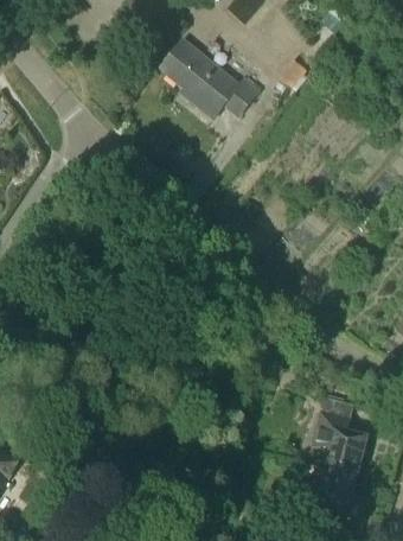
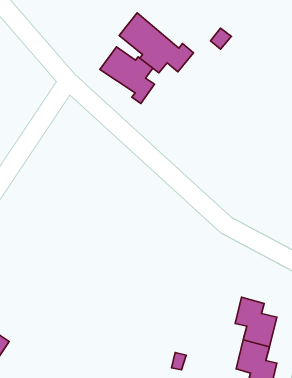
building: none -> [100,47,155,103]

